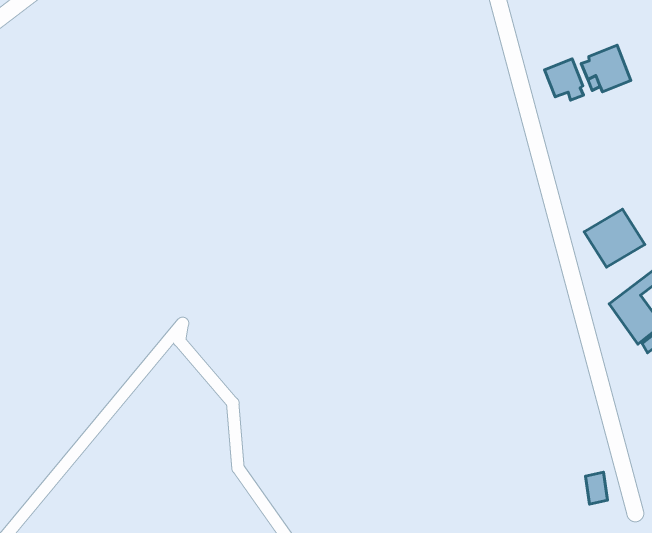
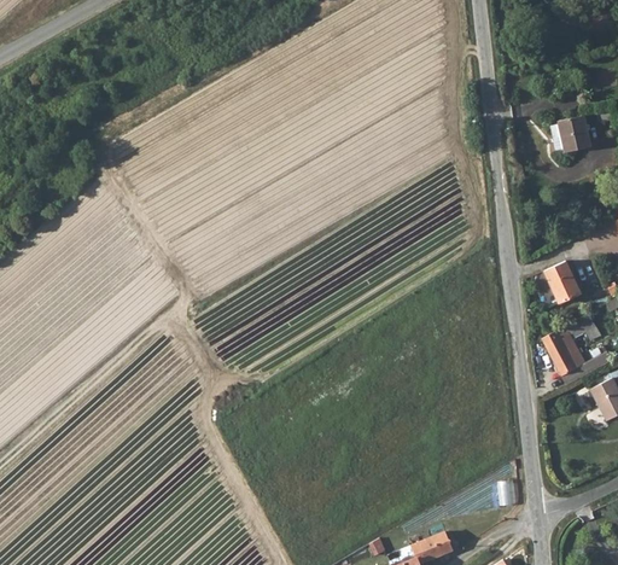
building: [544,59,584,100] -> none

